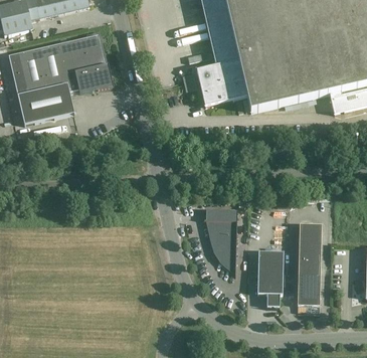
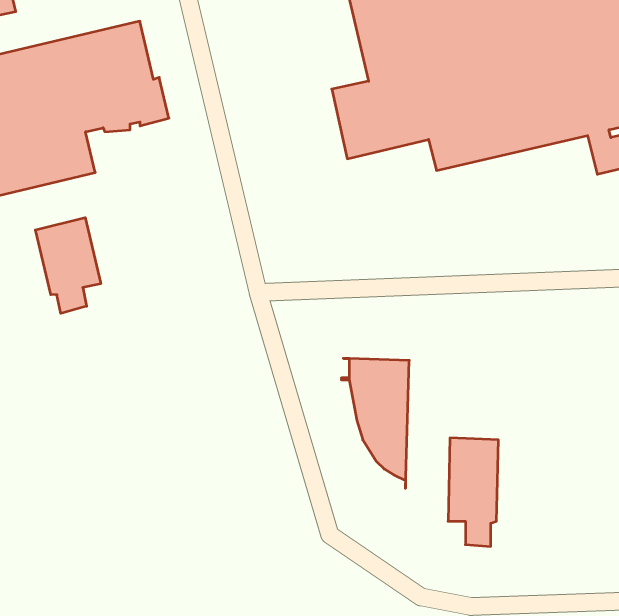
building: none -> [35,218,101,313]
building: [297,222,321,305] -> none

